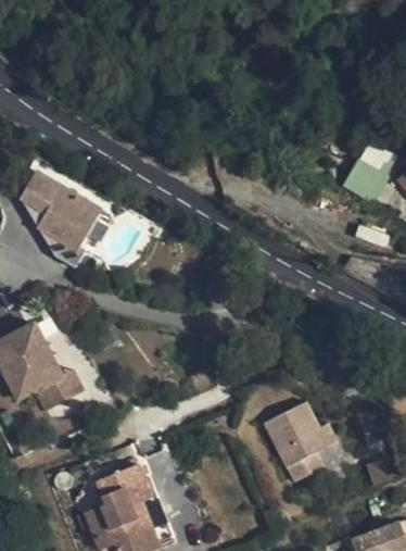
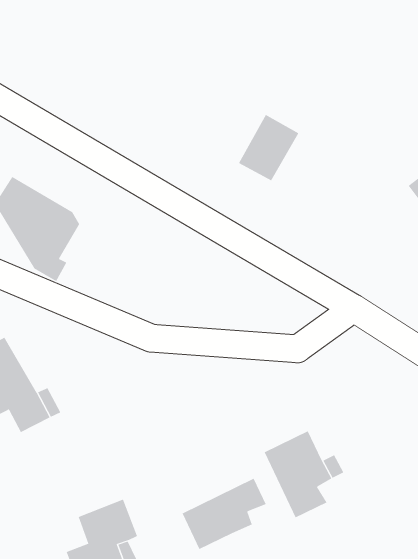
building: [340,142,395,203] -> [238,114,299,181]
building: none -> [182,478,267,550]

